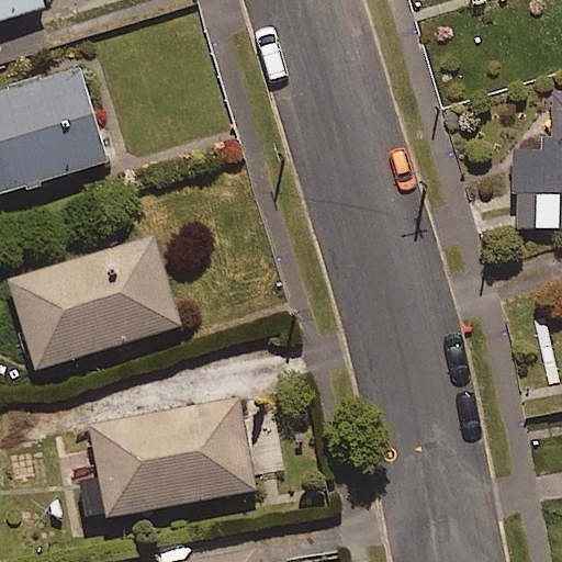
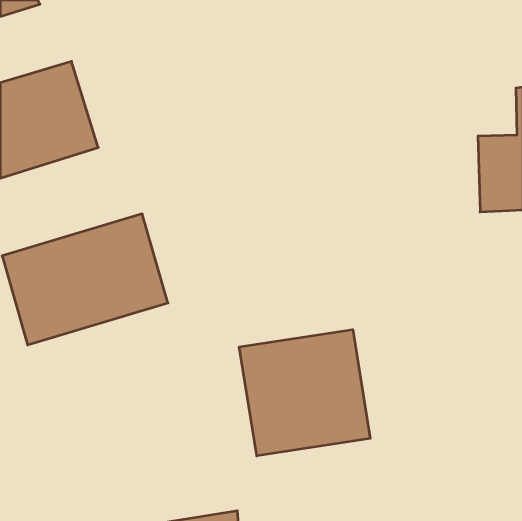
building: none -> [239,330,370,456]
building: [89,398,254,516] -> none

